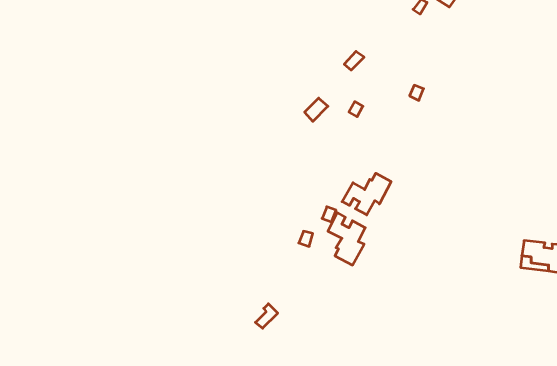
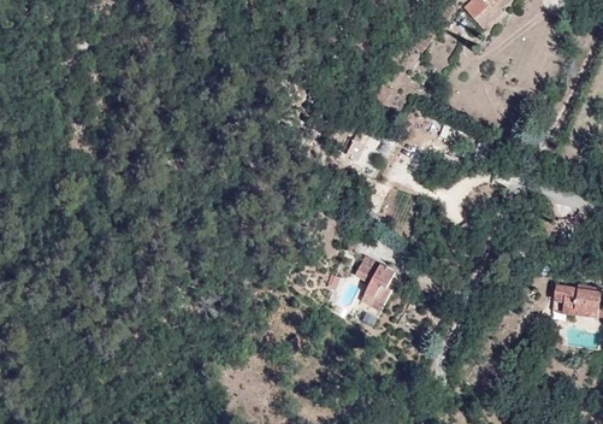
building: [342,173,391,215] -> none

